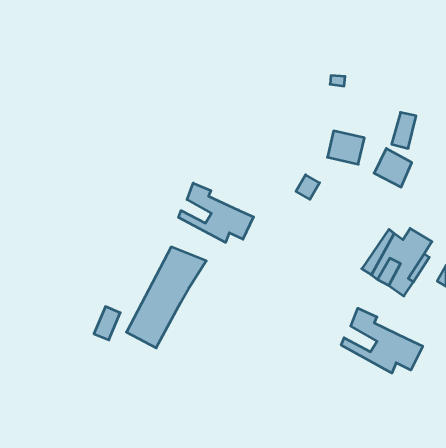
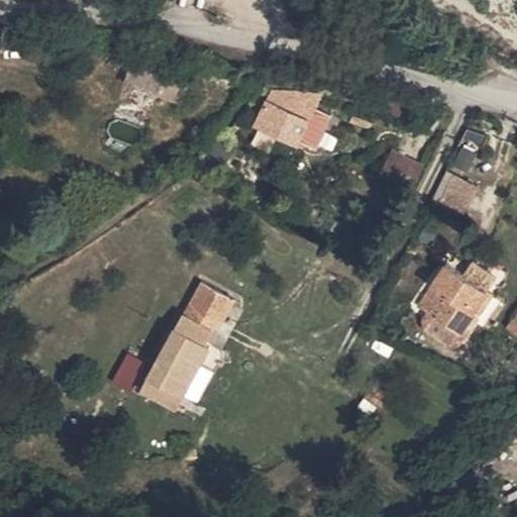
building: none -> [249,93,333,152]
building: [179,183,254,242] -> none
building: [341,308,423,373] -> none

